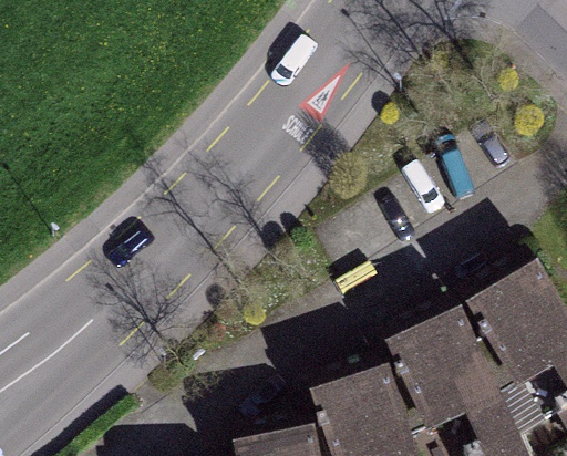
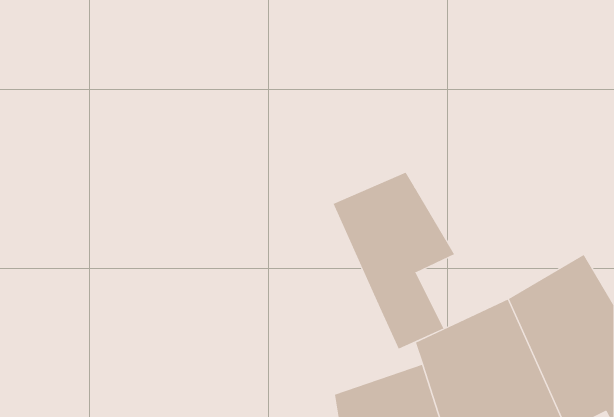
building: none -> [333,172,455,349]

